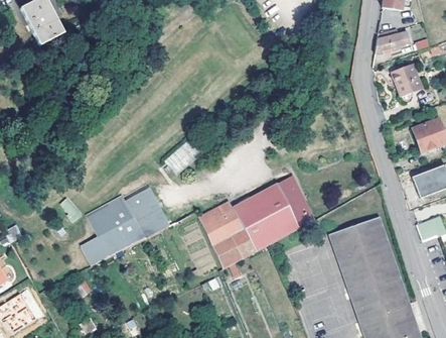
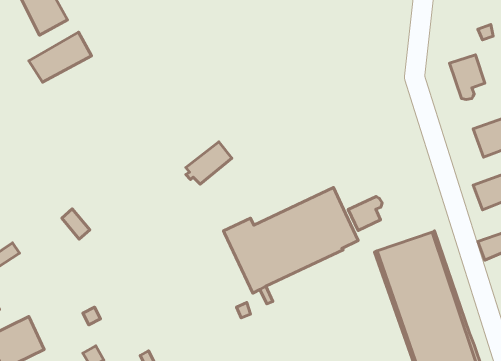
building: [375,27,411,52] -> none
building: none -> [29,32,91,82]
building: none -> [348,196,382,230]
building: [81,188,169,265] -> none

